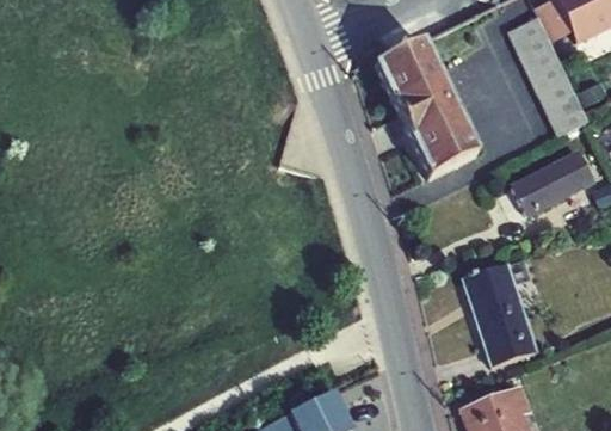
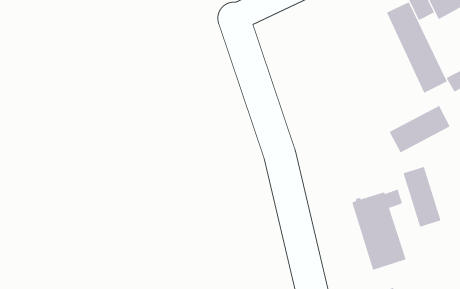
building: [374,41,477,177] -> none
building: none -> [403,166,441,228]

